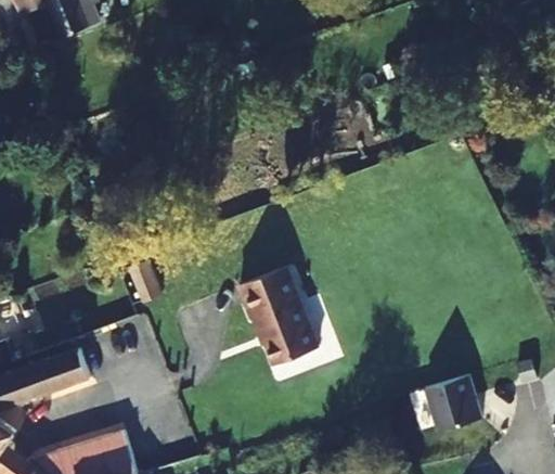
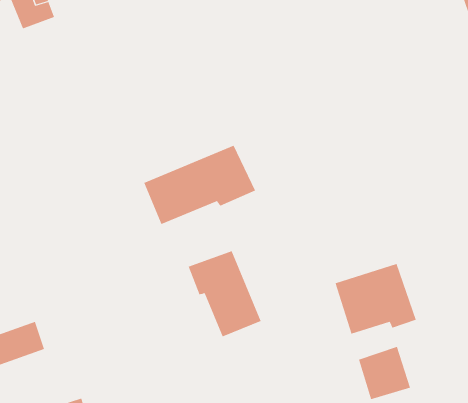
building: none -> [143,145,256,225]
building: none -> [335,263,417,335]

